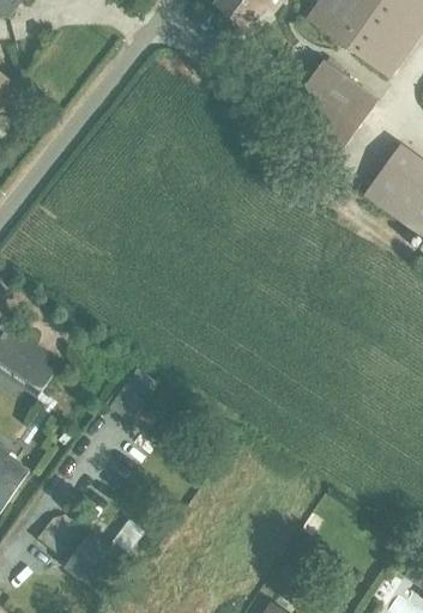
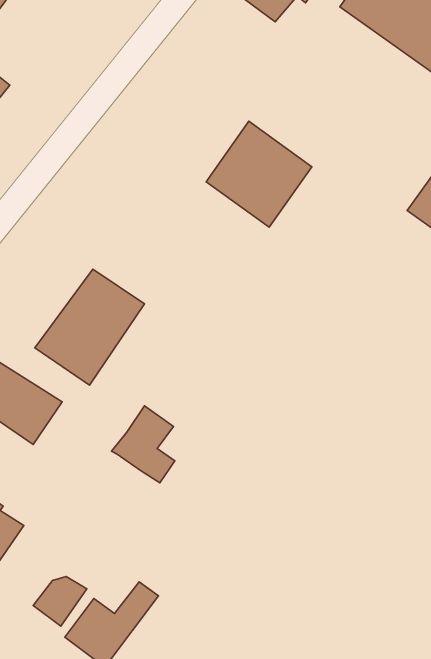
building: [285,60,377,152] -> [206,121,312,227]
building: none -> [35,269,145,385]

